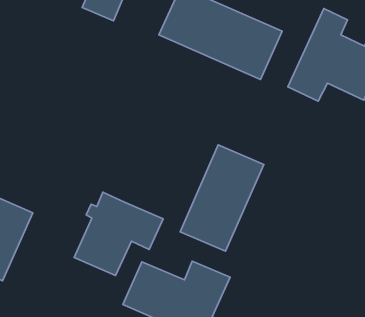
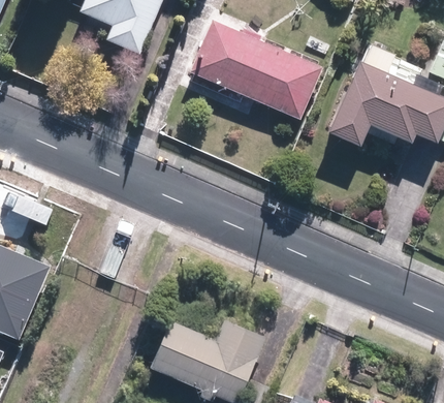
building: [180,145,264,251] -> none
building: [74,192,163,276] -> none

